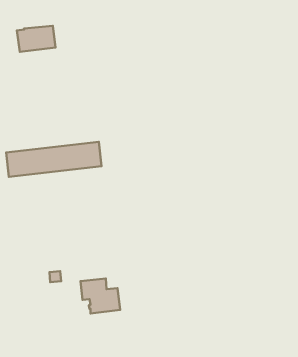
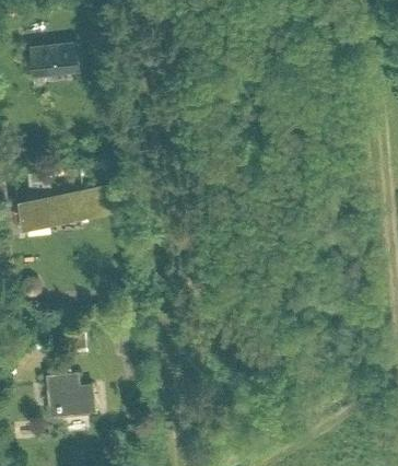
building: [81,278,120,313] -> [45,374,93,417]

